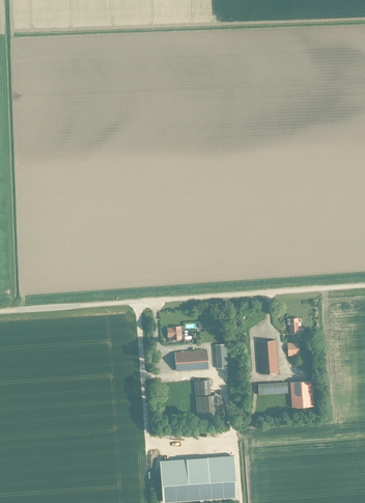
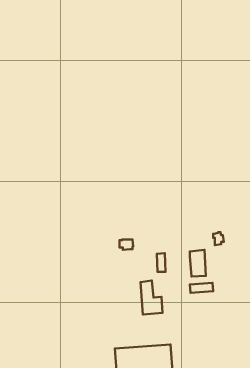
building: [174,348,207,369] -> none
building: [289,379,313,406] -> none

